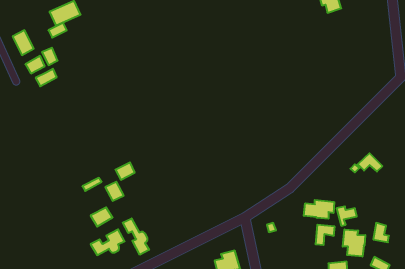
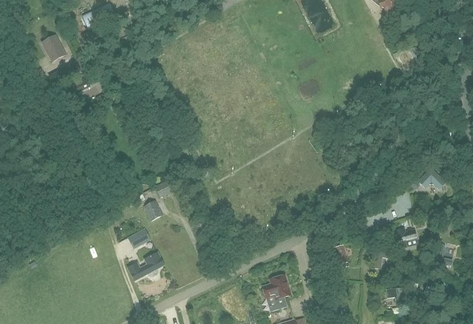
building: [304,200,334,219] -> none
building: [123,218,149,255] -> none
building: [343,229,365,257] -> none

